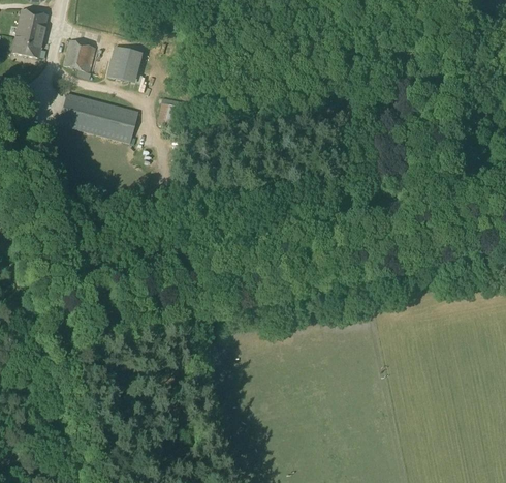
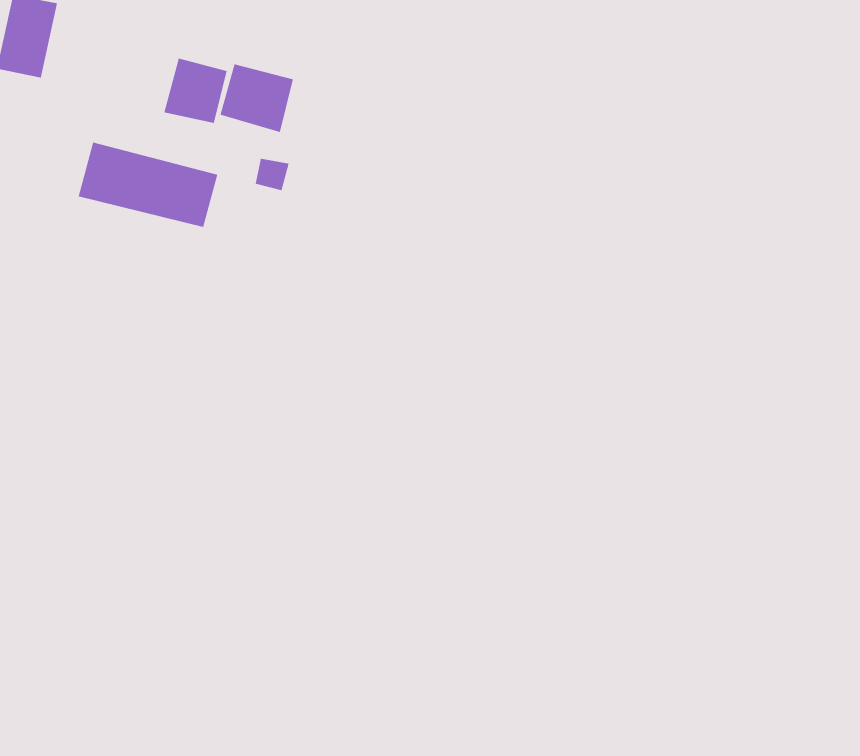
building: [64,39,96,79] -> none
building: none -> [220,64,294,133]

